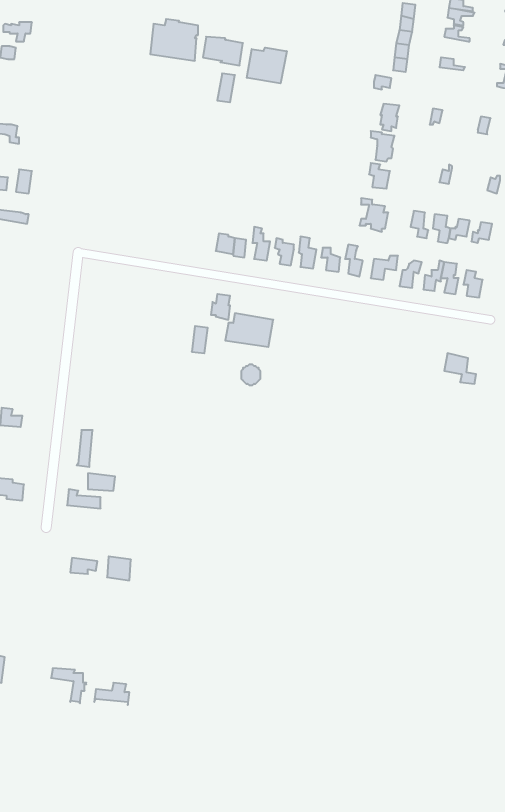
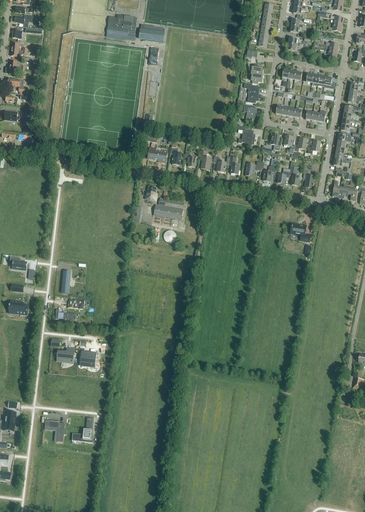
building: [247,48,287,83] -> none

